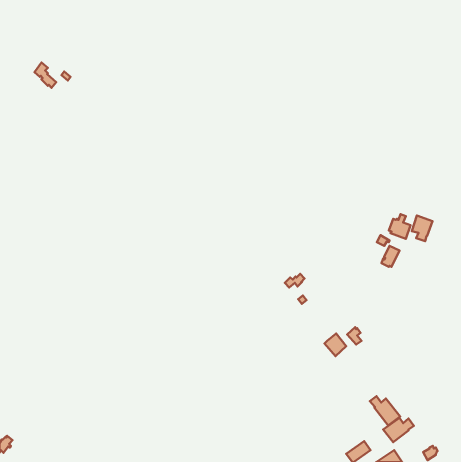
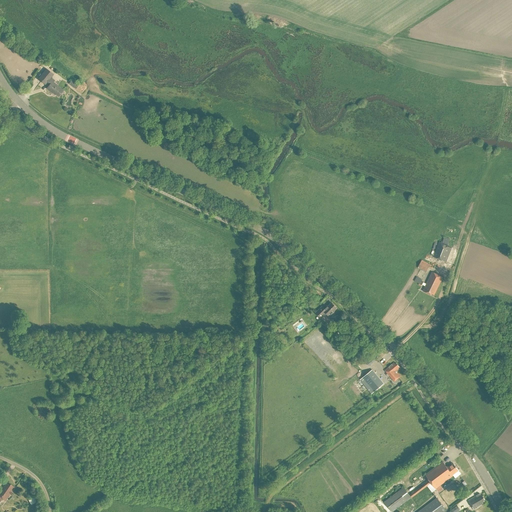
building: [412,216,432,241] -> none
building: [370,396,400,425] -> none

